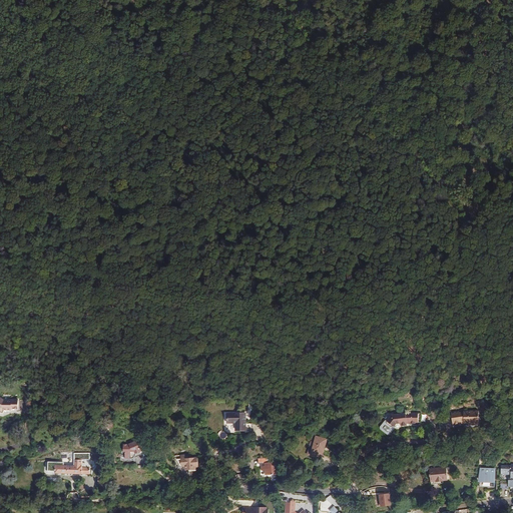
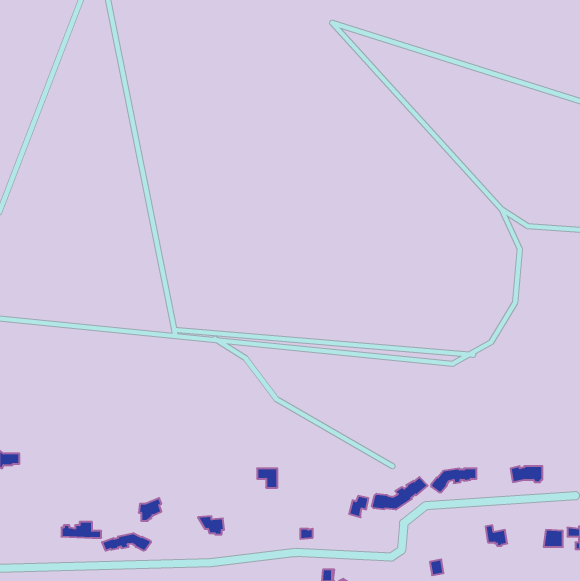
building: none -> [372,477,428,510]
building: none -> [102,533,151,551]

